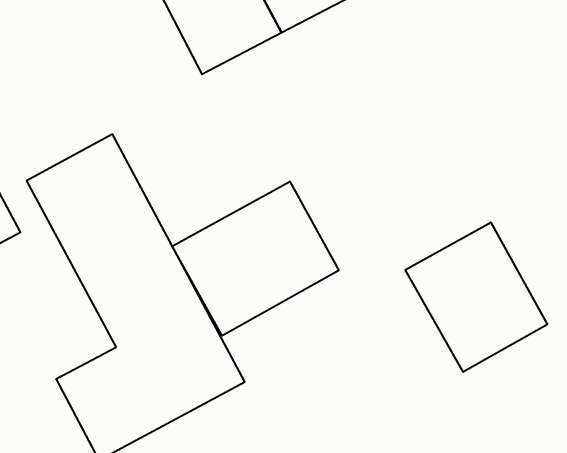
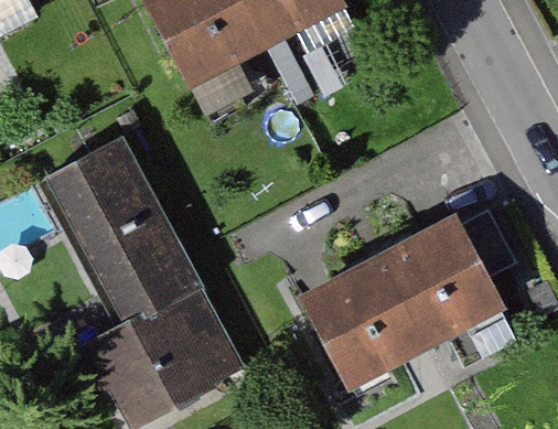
building: [172,182,339,336] -> none
building: none -> [310,261,438,396]

